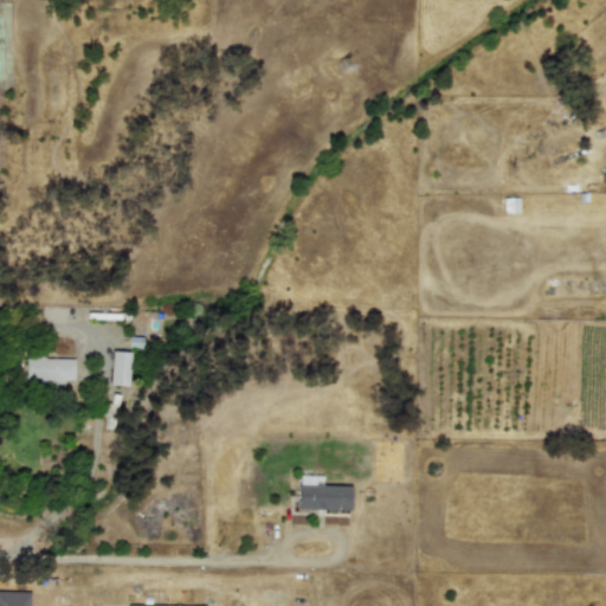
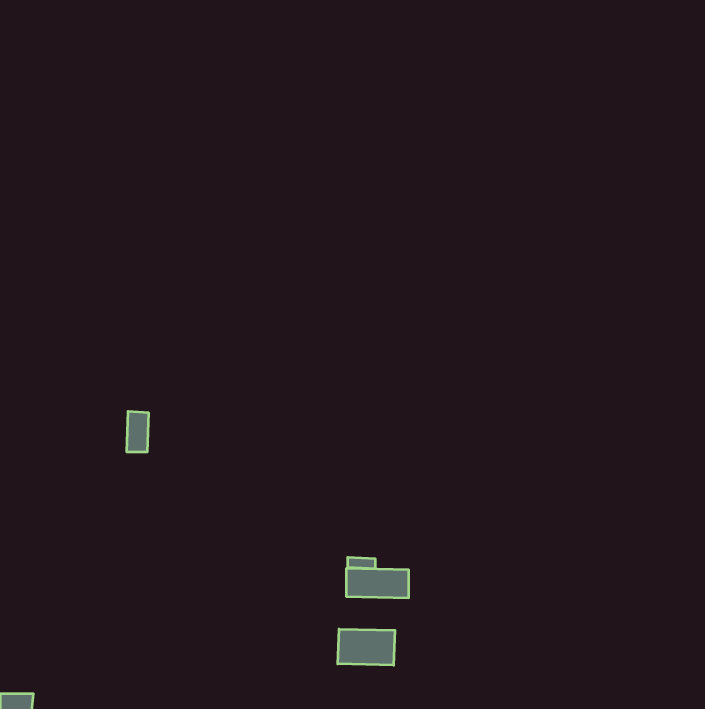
building: [27,359,76,386] -> none
building: none -> [338,629,395,665]

